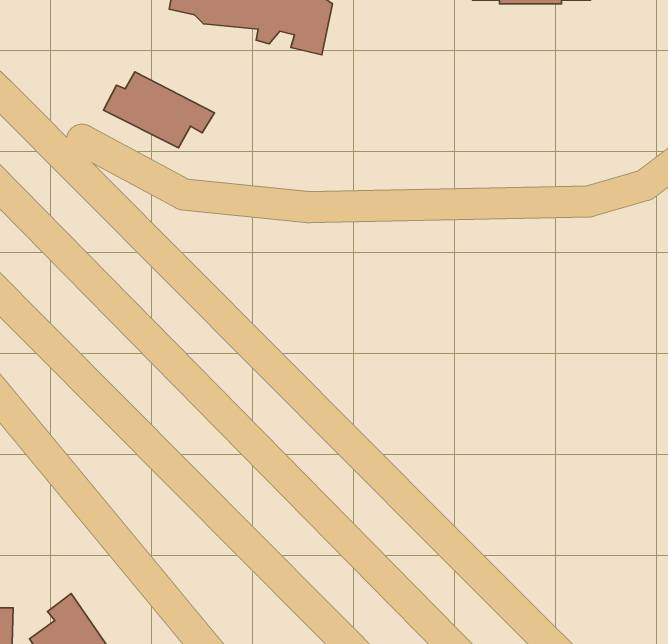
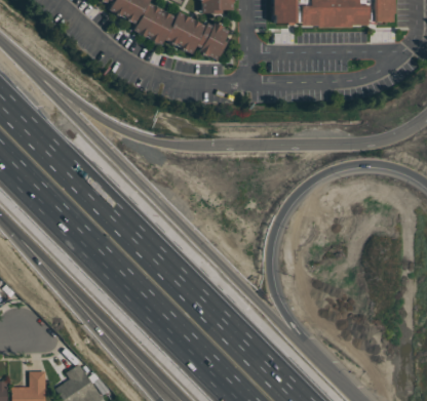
building: [104,72,215,148] -> none

